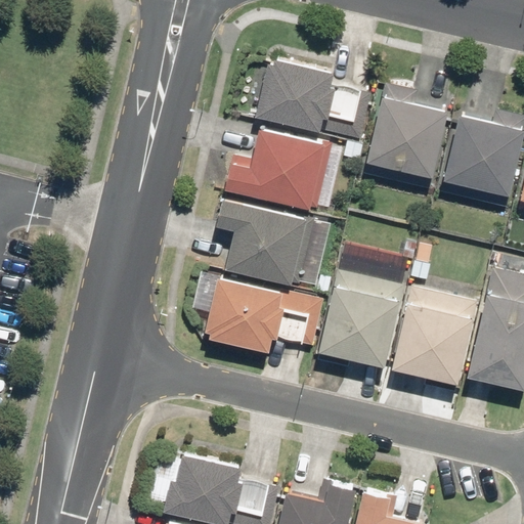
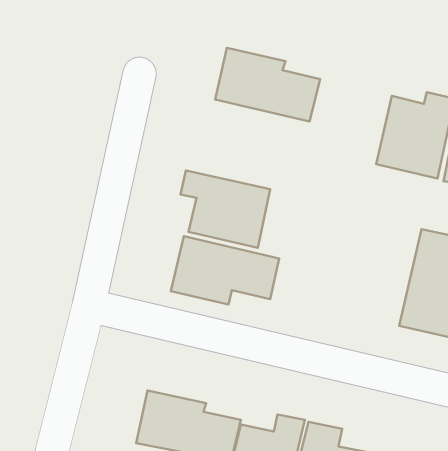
building: [363,82,450,190] -> none
building: [224,126,339,213] -> none
building: [319,270,407,369] -> none
building: [393,287,478,385] -> none

